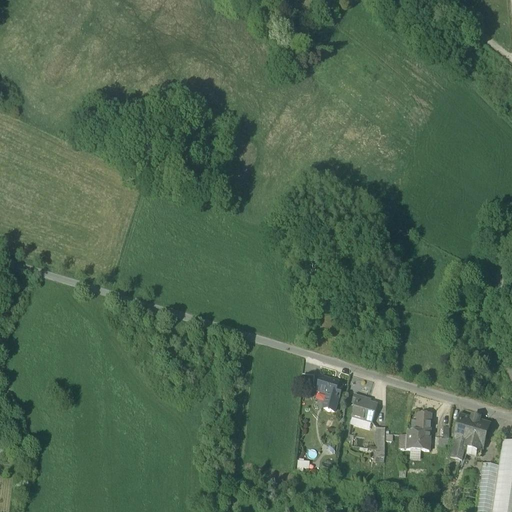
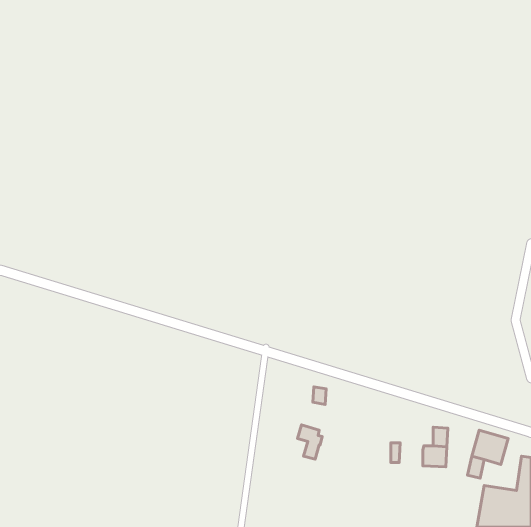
building: [317,376,341,409] -> [297,425,322,459]
building: [351,393,377,421] -> none

